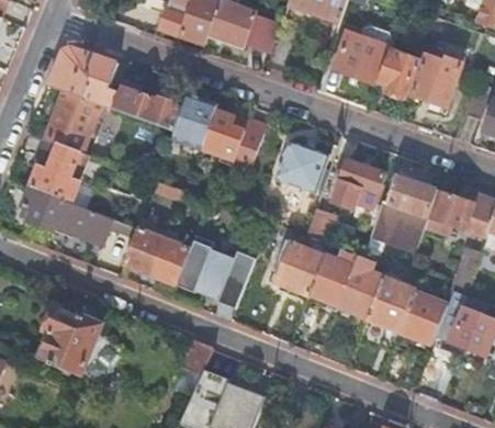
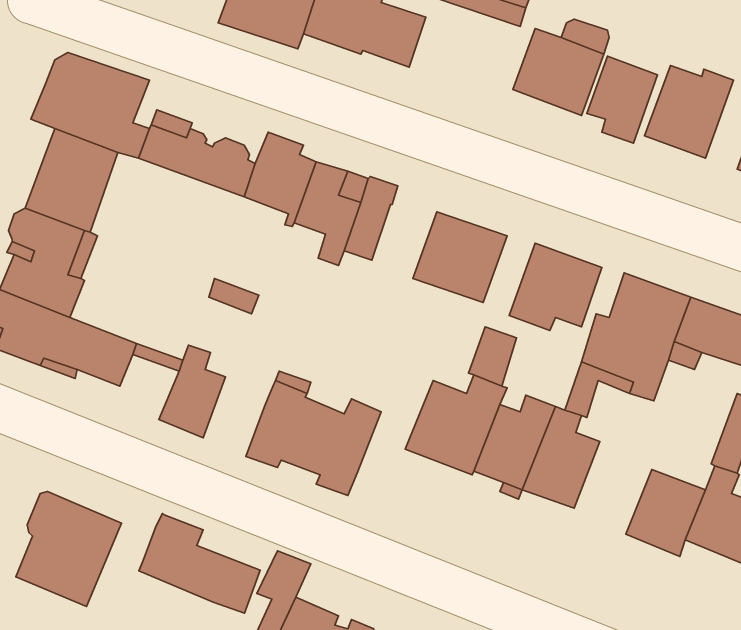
building: [149,237,189,284] -> none
building: [368,275,416,330] -> none
building: none -> [139,513,260,613]

